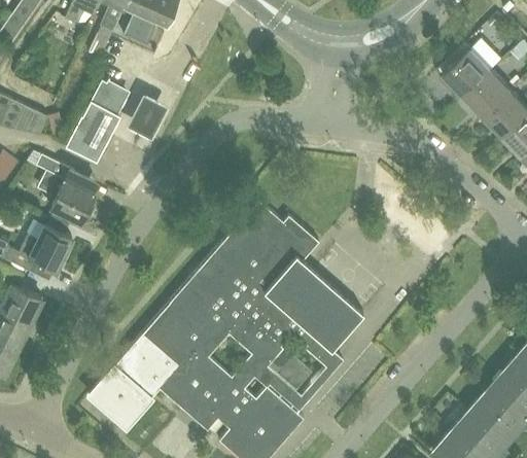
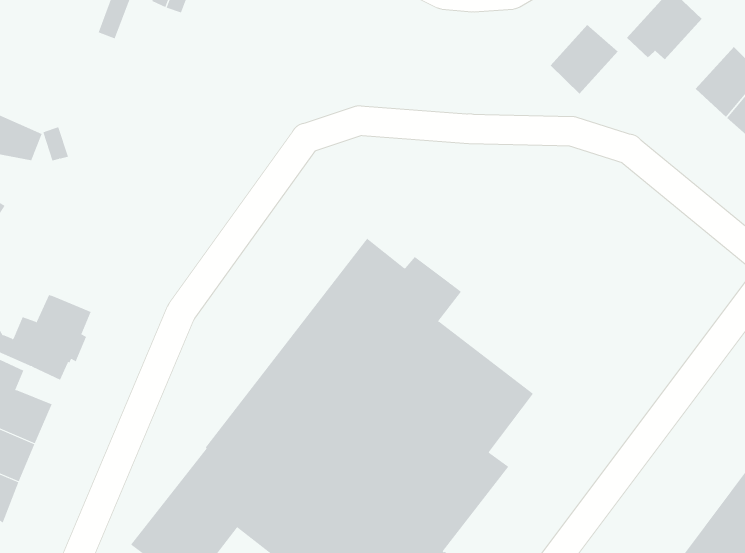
building: [464,72,511,118] -> [550,24,619,94]
building: [65,81,126,164] -> none
building: [128,95,168,139] -> none
building: [36,156,95,224] -> none

